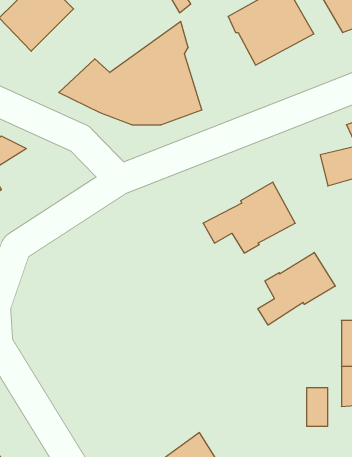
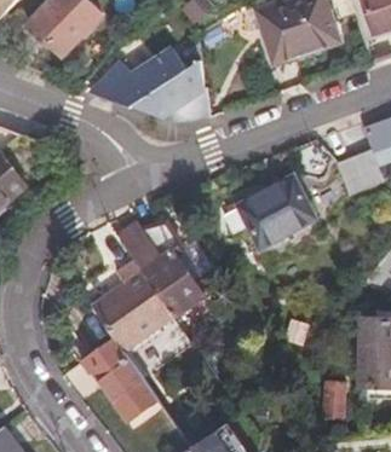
building: none -> [86,228,211,416]
building: [258,252,335,325] -> none

